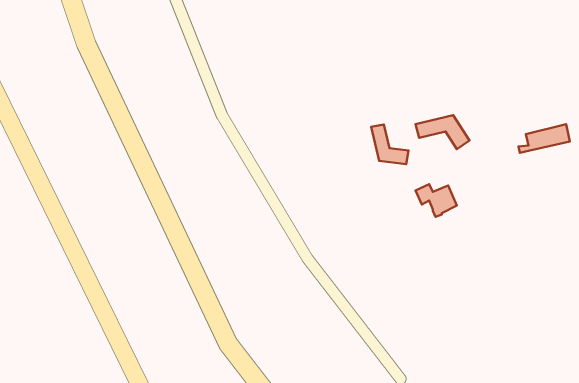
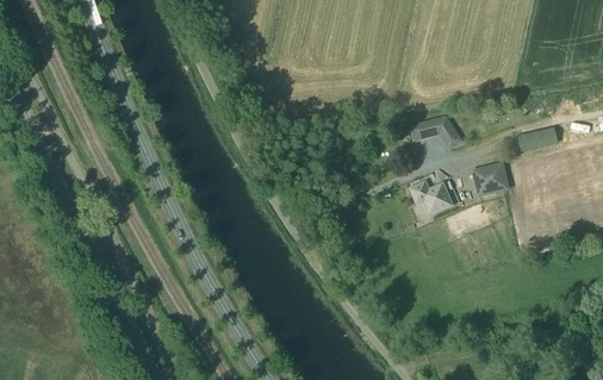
building: [371,124,408,164] -> none
building: none -> [475,166,508,191]

